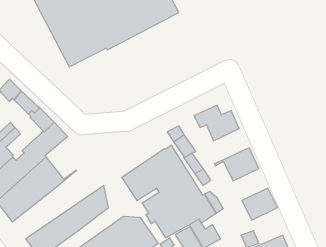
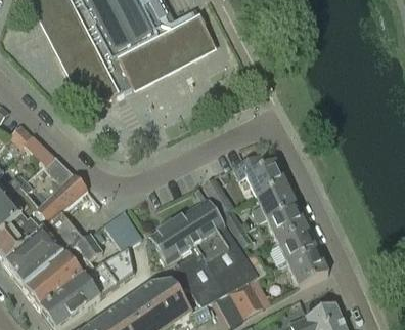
building: none -> [251,179,296,220]
building: none -> [24,209,141,306]
building: none -> [277,225,317,262]

